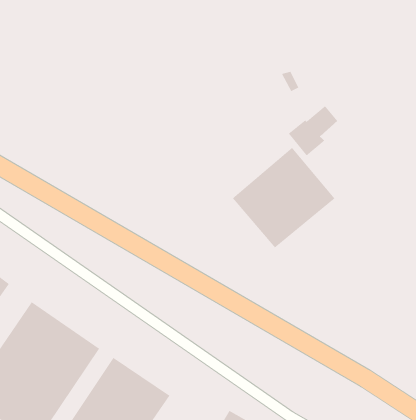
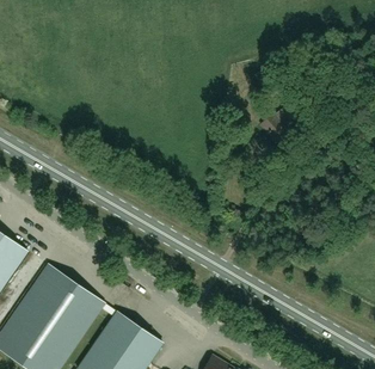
building: [232,147,336,249] -> none

